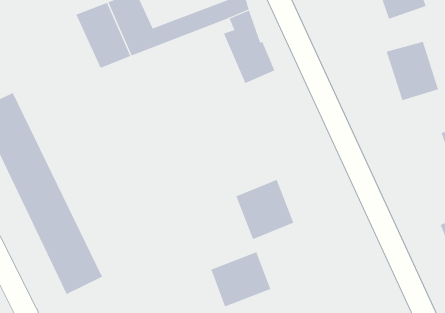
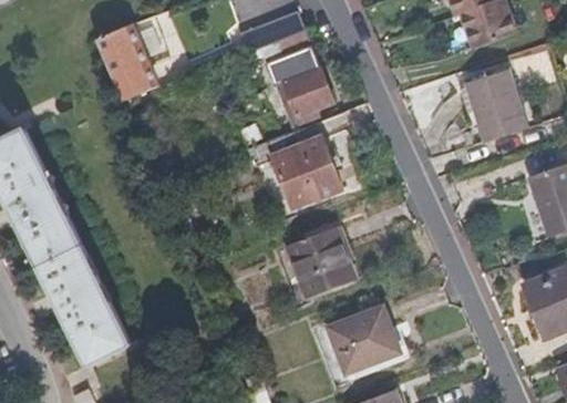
building: none -> [271,137,342,209]
building: [210,251,271,307] -> [329,306,400,371]

